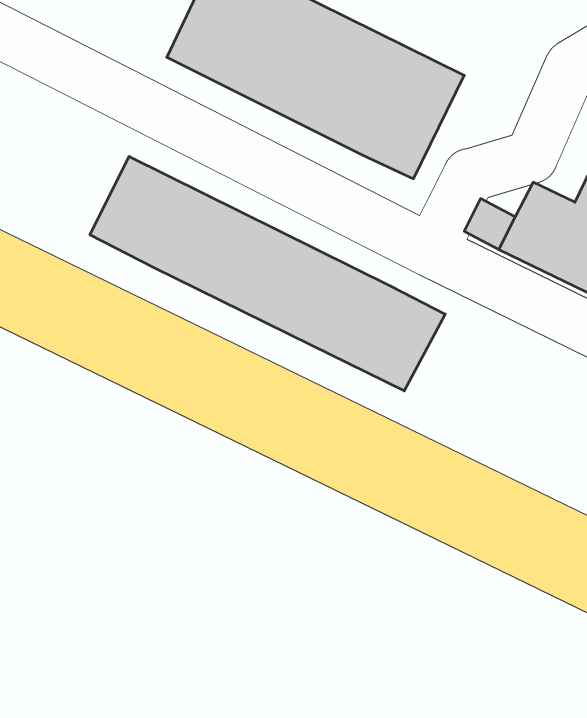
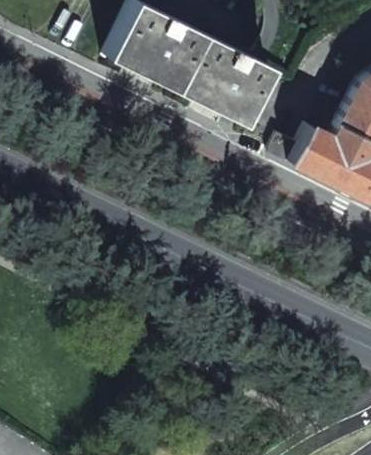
building: [90,156,445,391] -> none

